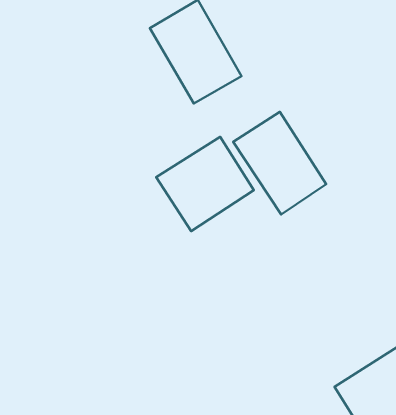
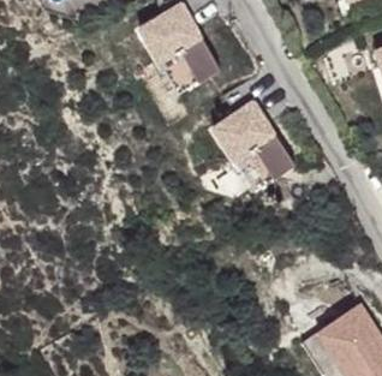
building: [156,137,254,231] -> none

